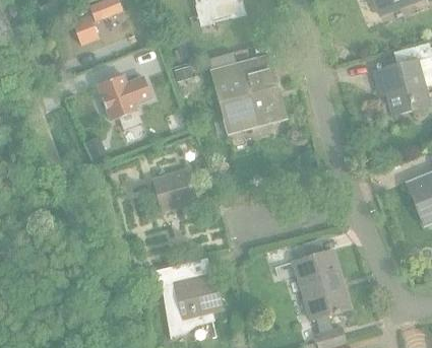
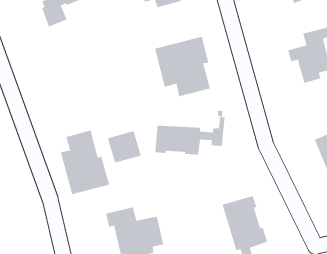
building: [98,74,146,120] -> none
building: none -> [155,110,226,156]
building: none -> [60,130,110,195]

